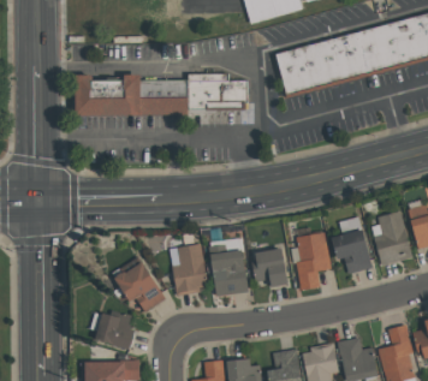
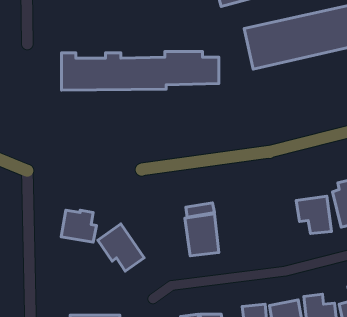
building: [293,227,329,290] -> none
building: [171,244,207,293] -> none
building: [251,248,287,287] -> none
building: [95,312,133,347] -> [61,210,97,242]

